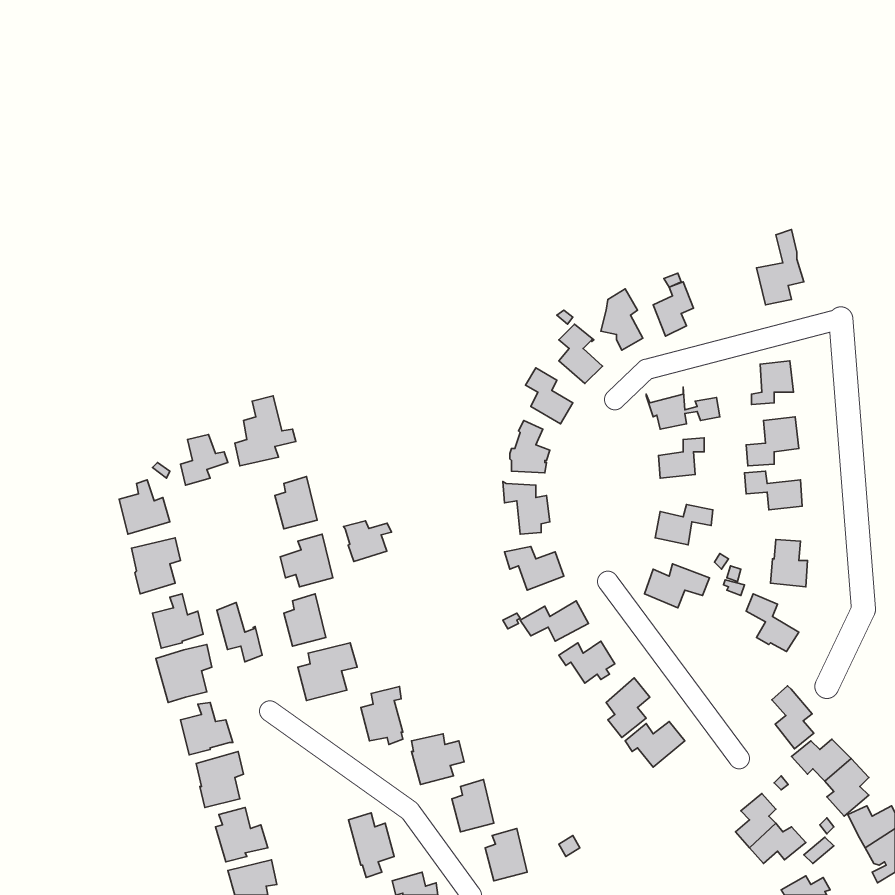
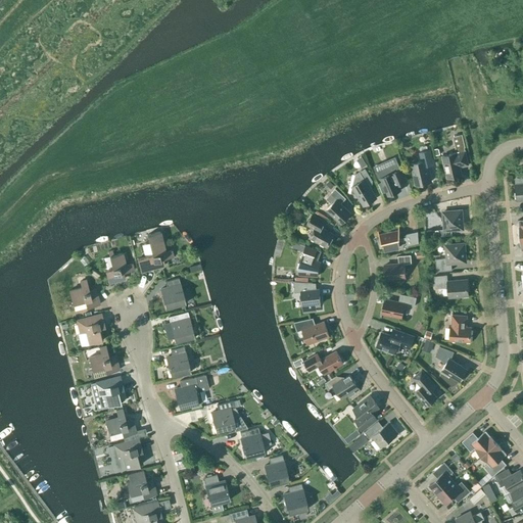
building: none -> [411,150,433,185]
building: [343,521,392,562] -> none
building: [217,603,262,662] -> none
building: [772,686,814,749] -> [413,370,437,407]

